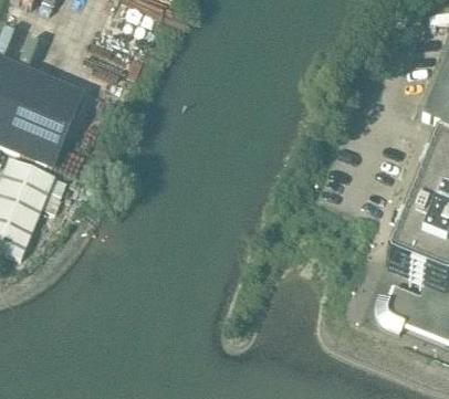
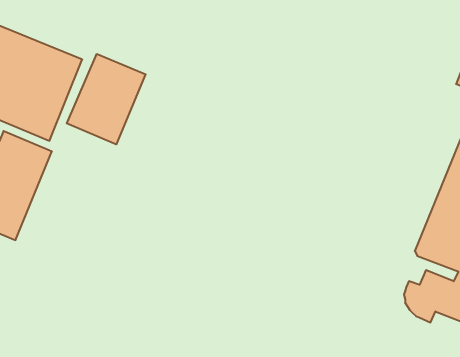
building: none -> [67,54,146,144]

